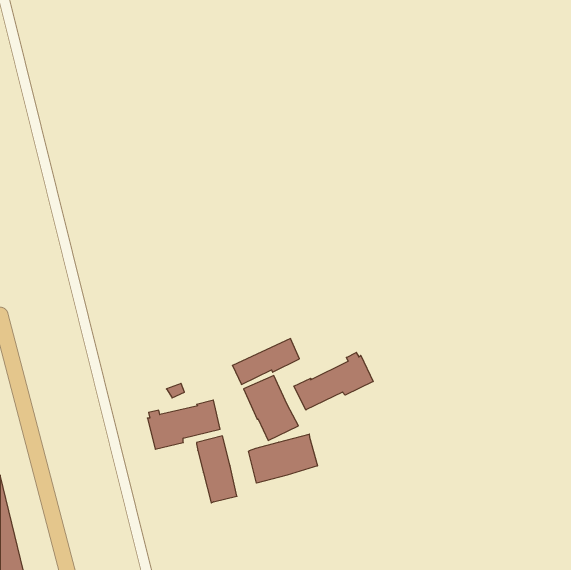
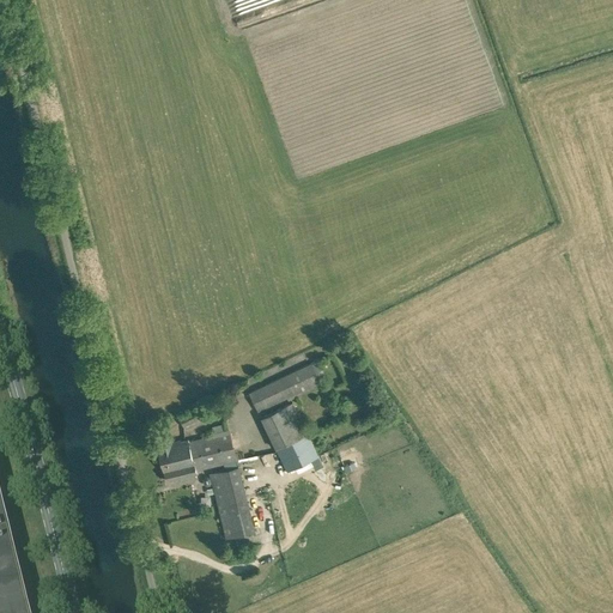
building: [294,352,373,410] -> none
building: [248,434,317,483] -> none

